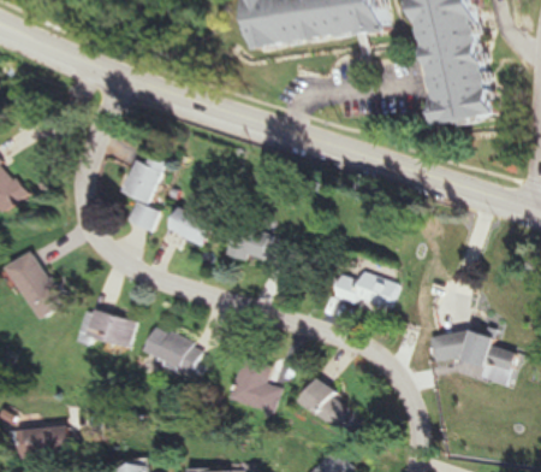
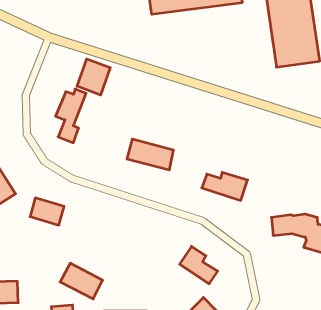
building: none -> [77,59,110,95]
building: [167,206,212,246] -> none
building: [141,324,201,374] -> [60,263,103,299]
building: [228,358,283,413] -> none

